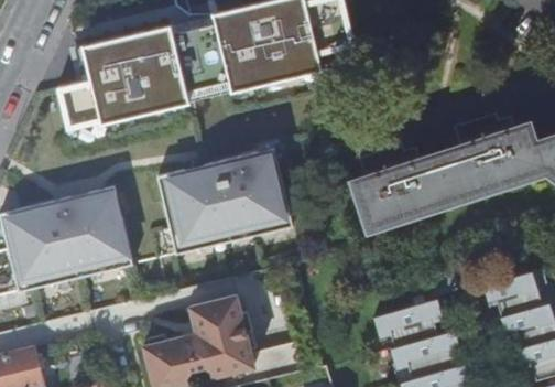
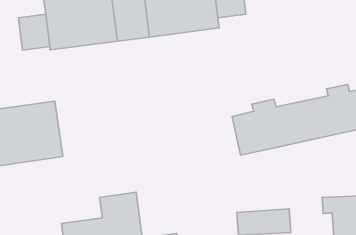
building: [157,146,294,254] -> none

